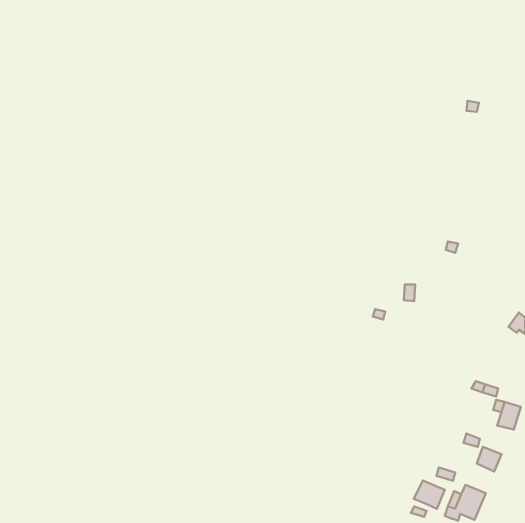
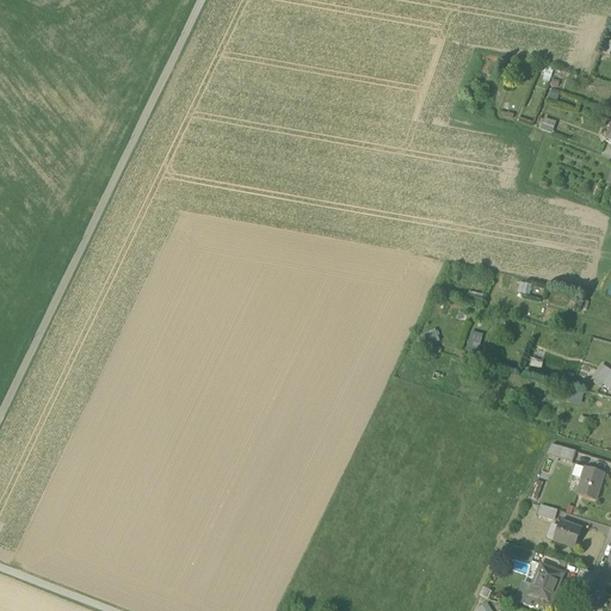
building: [414,481,445,509] -> none

